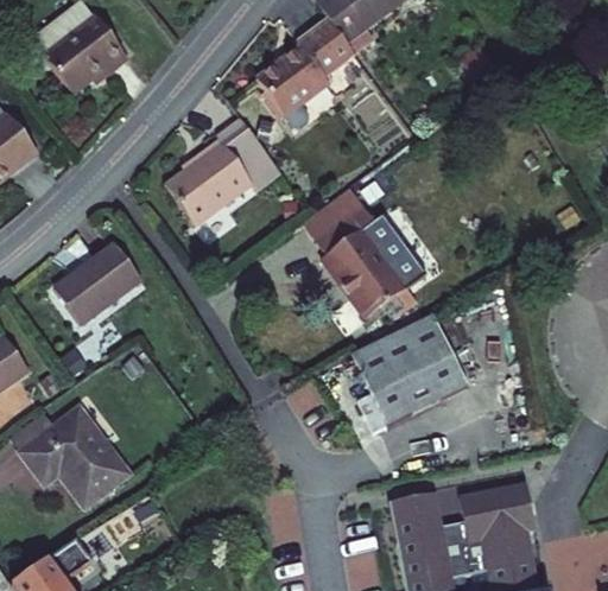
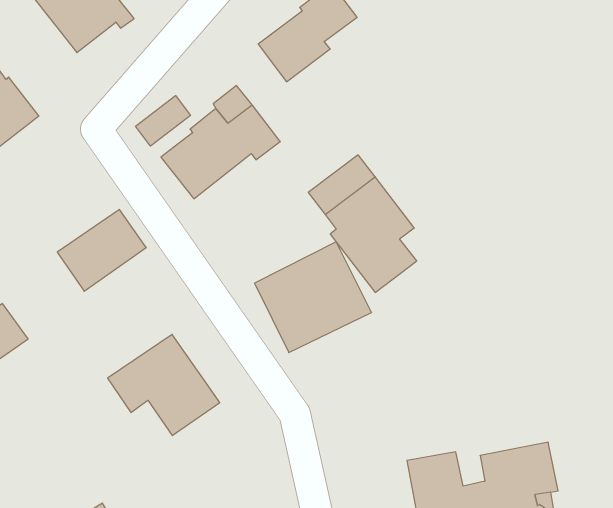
building: none -> [136,96,190,146]
building: [350,320,464,428] -> [255,242,372,353]
building: [24,408,133,507] -> [108,334,220,436]

